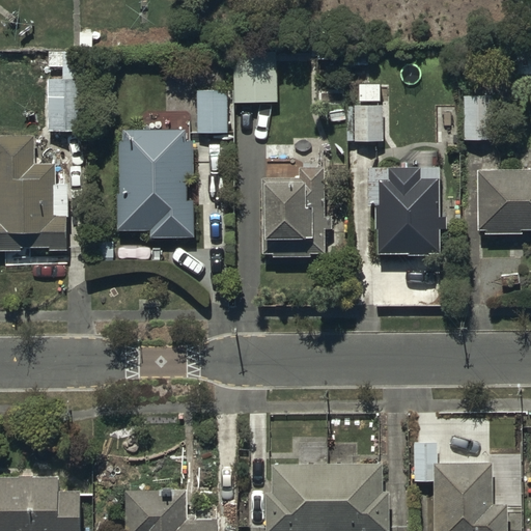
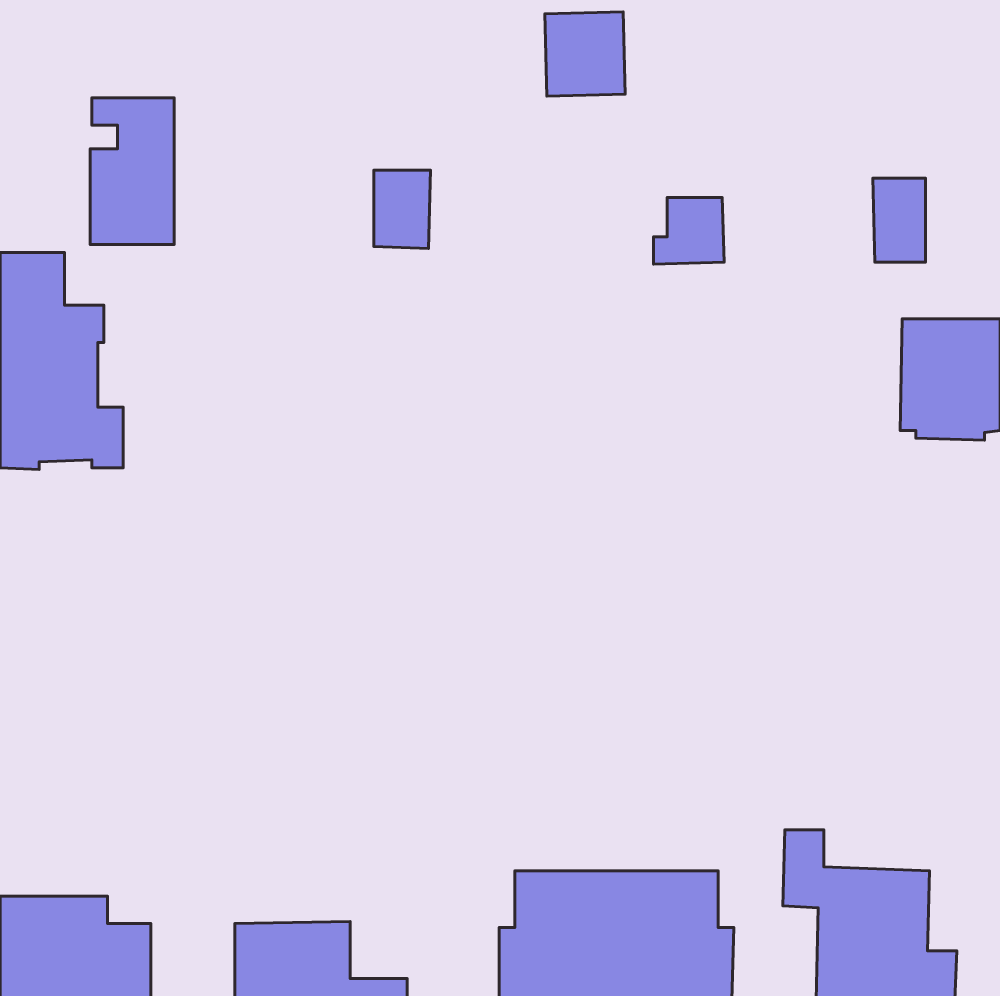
building: [232,59,275,104] -> [545,12,625,96]
building: [116,130,195,239] -> none
building: [260,167,333,258] -> none
building: [367,167,446,255] -> none

